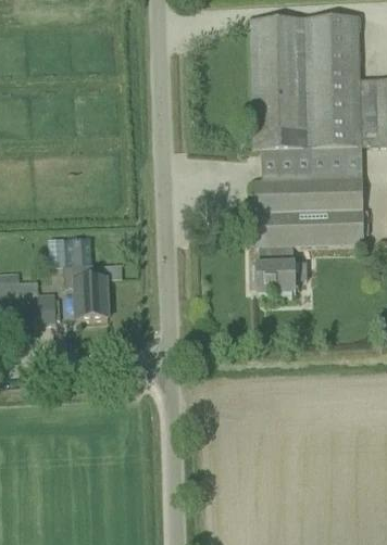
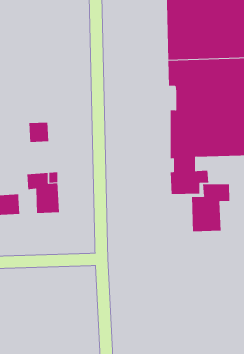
building: [67,236,95,263] -> [29,122,49,142]
building: none -> [192,183,230,232]

